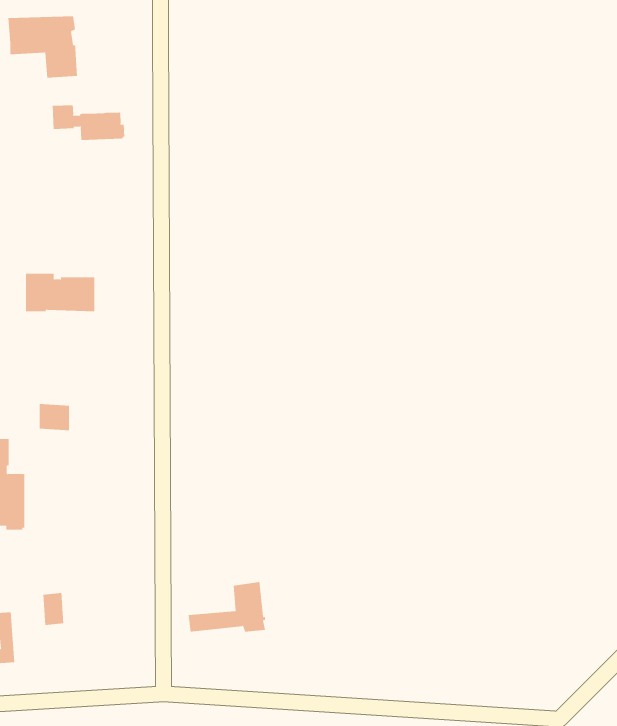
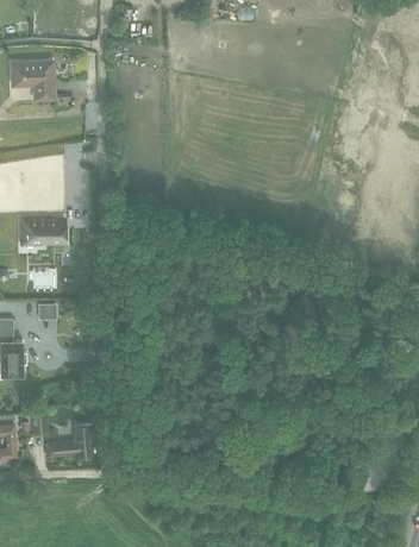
building: [52,104,125,141] -> none
building: [188,582,266,632] -> [46,423,94,454]

